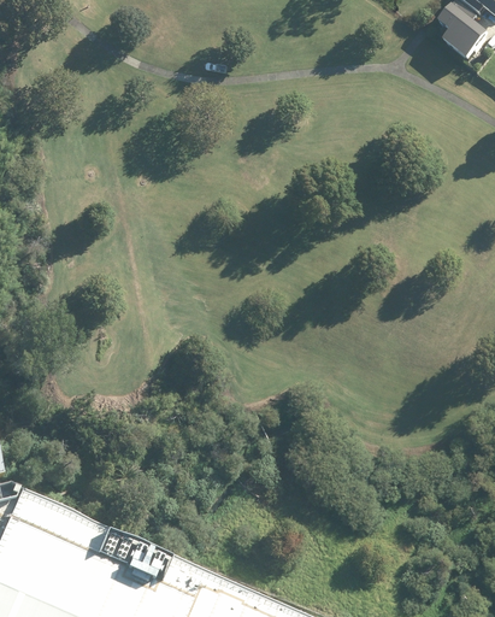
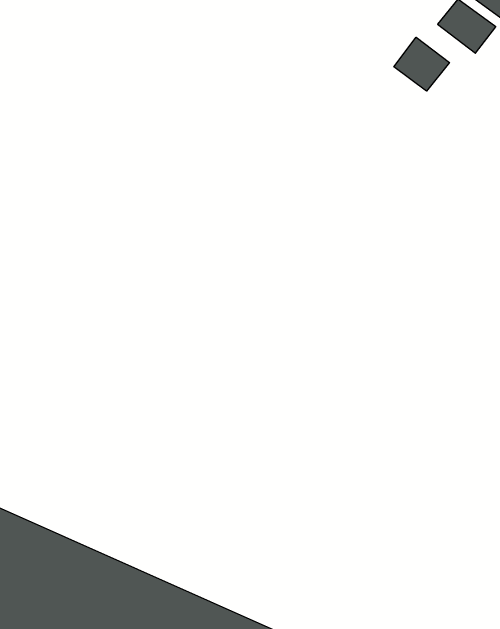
building: none -> [394,37,449,91]

